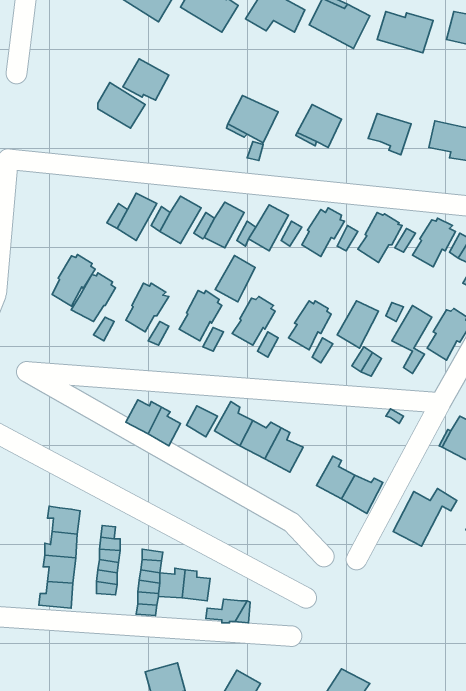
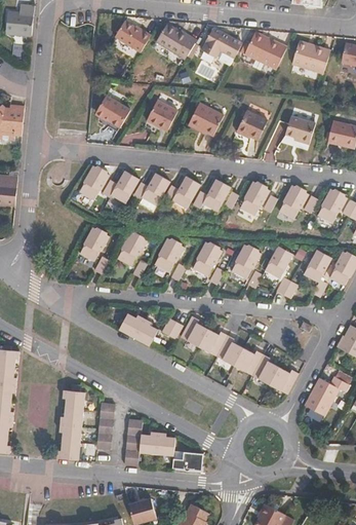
building: [123,59,169,100] -> [147,100,179,128]
building: [52,254,95,306] -> [79,166,109,202]
building: [215,256,255,302] -> none
building: none -> [231,347,261,374]

